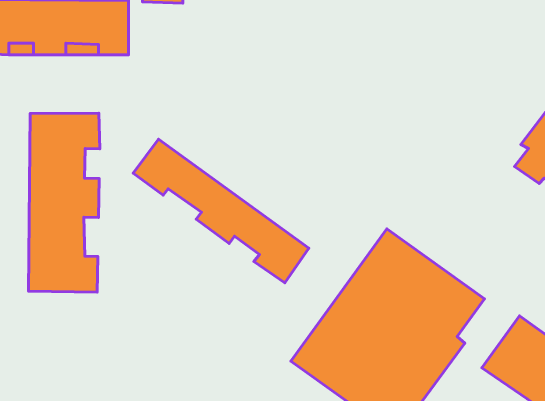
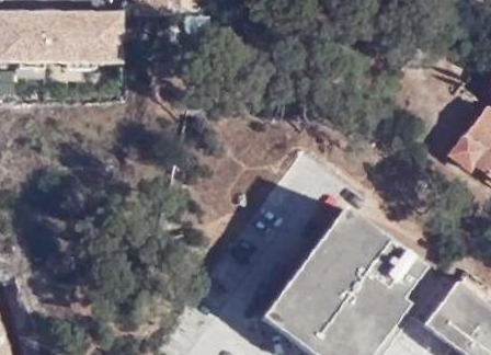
building: [29,113,100,292] -> none
building: [133,139,309,283] -> none

